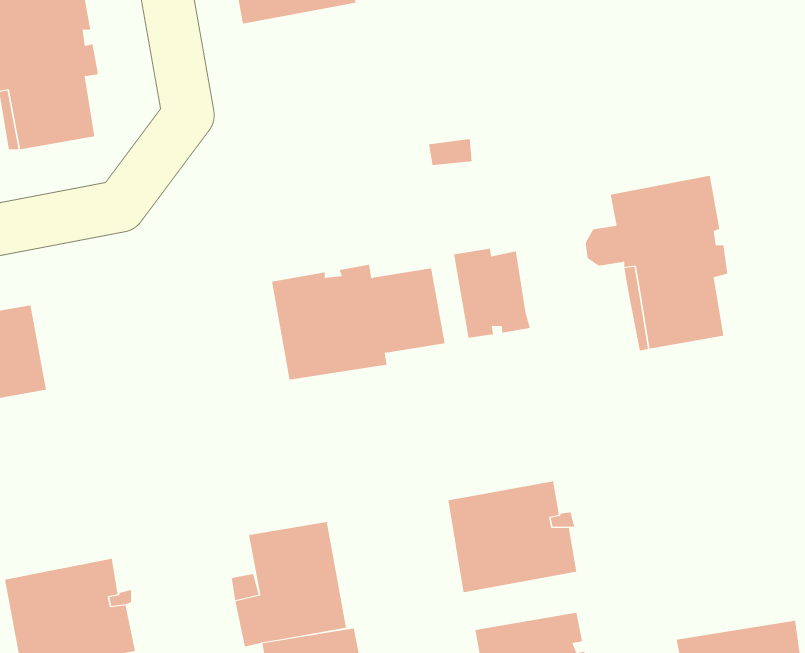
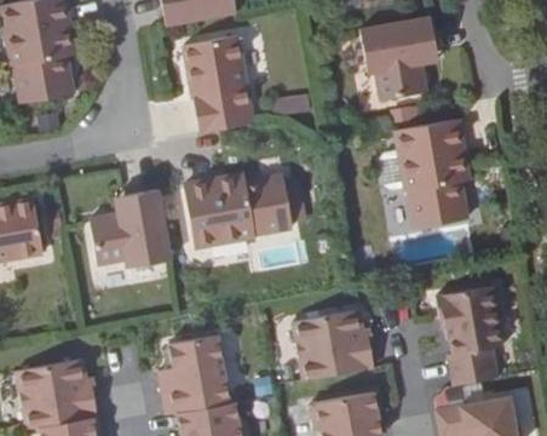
building: none -> [359,17,437,101]
building: none -> [183,35,252,133]
building: [453,248,530,338] -> none
building: none -> [90,189,169,268]
building: none -> [436,286,503,385]

